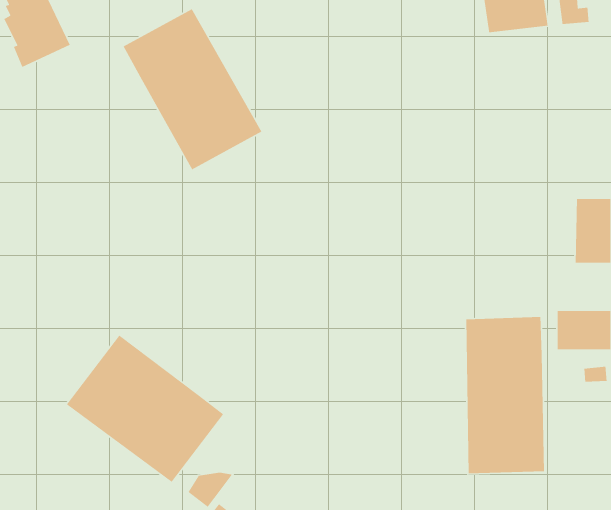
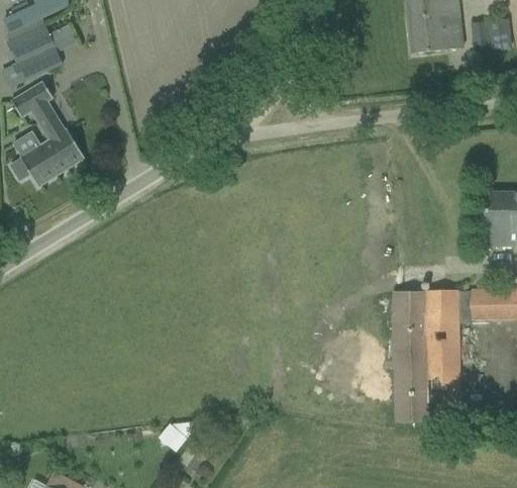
building: [123,8,262,171] -> none
building: none -> [10,81,85,186]
building: [66,335,224,483] -> none

